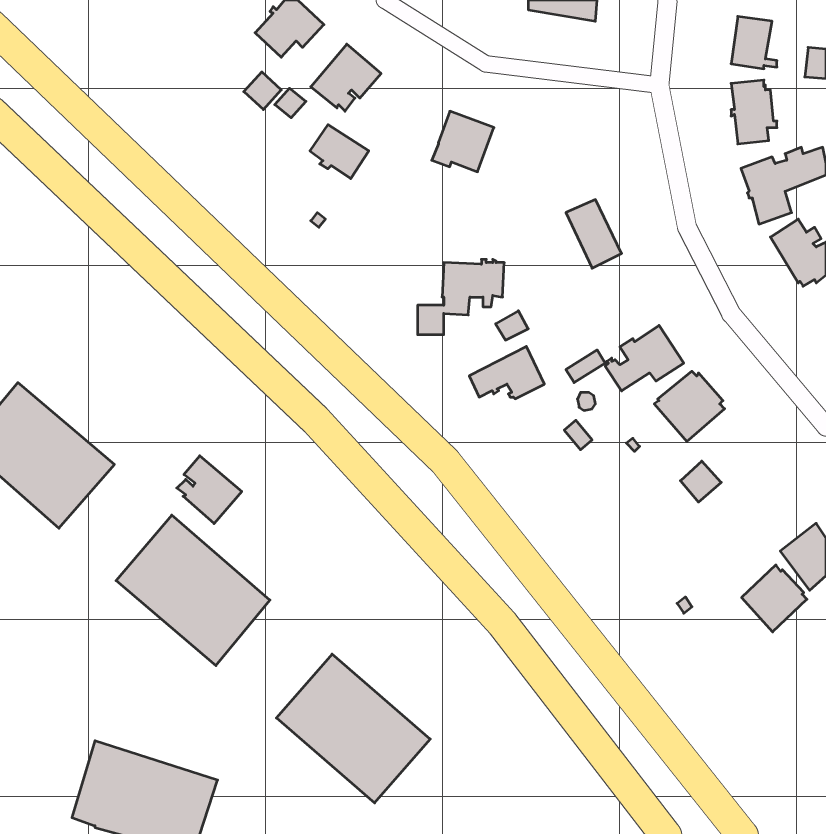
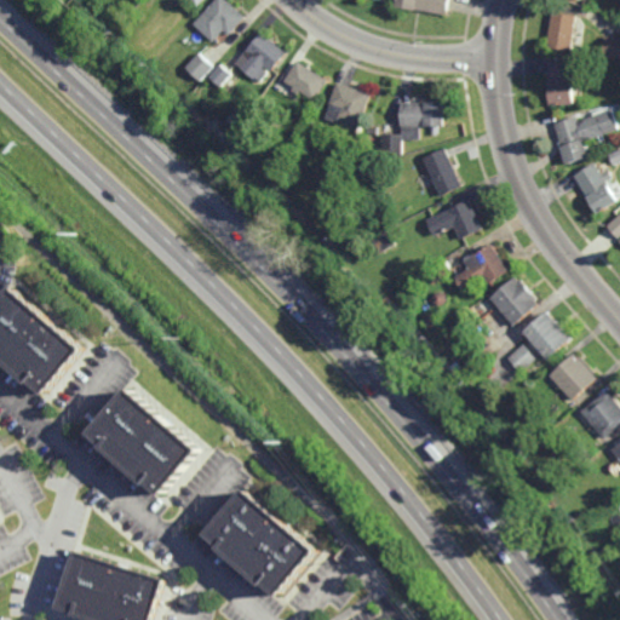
building: [310,125,369,179] -> [280,63,323,103]
building: [418,259,504,335] -> [378,102,442,157]
building: [469,346,544,399] -> [423,201,478,240]
building: none -> [521,309,569,358]
building: [177,456,242,524] -> none
building: [742,565,807,632] -> [546,351,595,401]

